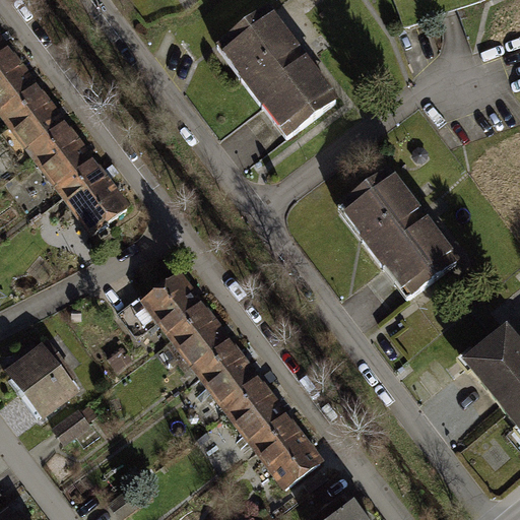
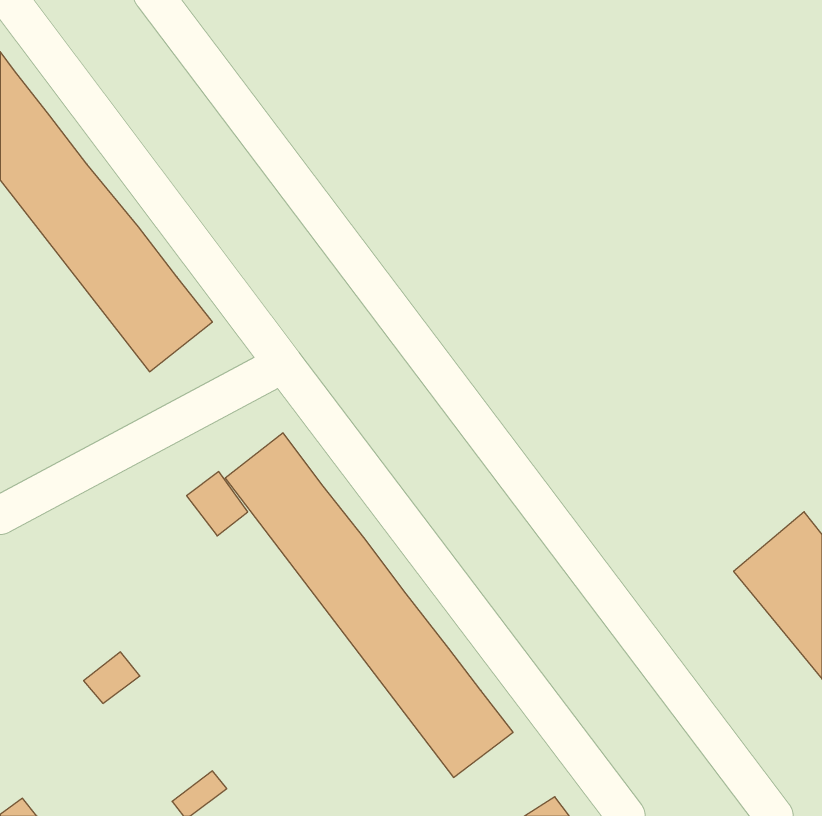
building: [216,9,327,131] -> none
building: [346,172,457,294] -> none
building: [6,342,78,417] -> none

